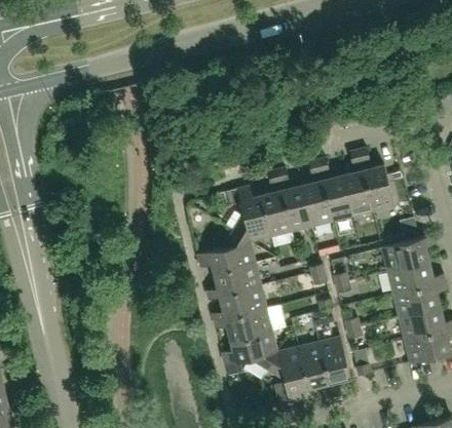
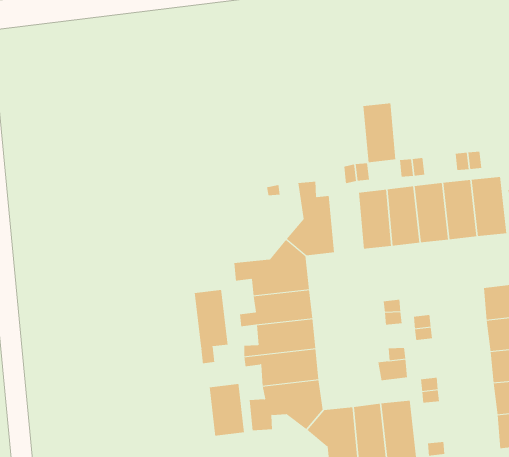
building: [261,190,291,236] -> [363,103,396,163]
building: none -> [194,289,228,364]
building: none -> [209,383,245,437]

